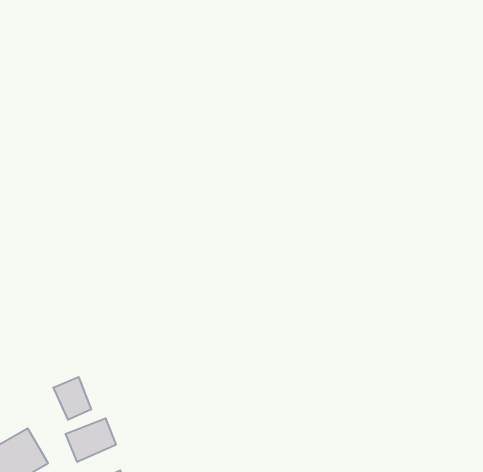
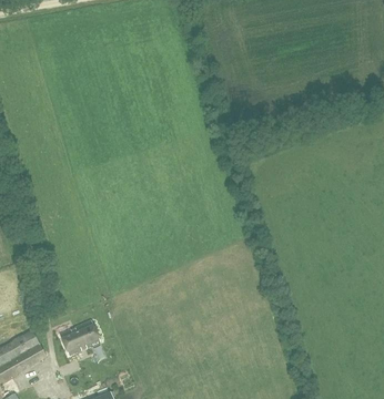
building: [53,377,91,420] -> none

